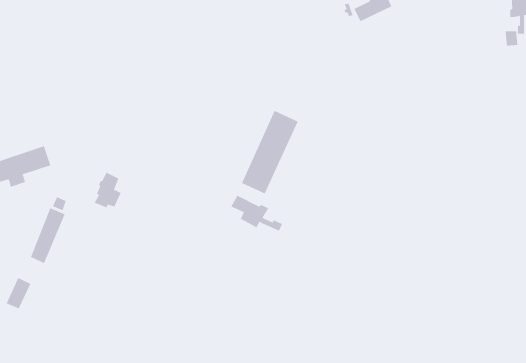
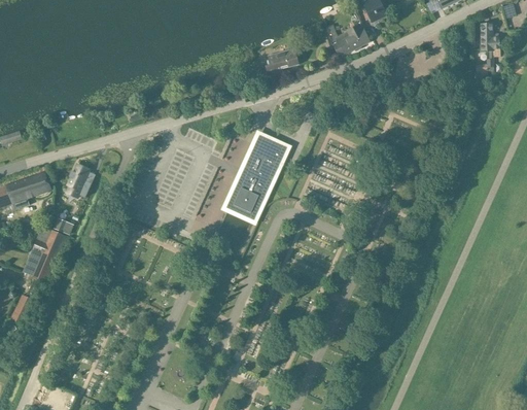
building: none -> [267,48,298,74]
building: [94,172,121,208] -> [66,163,92,197]
building: [230,195,283,232] -> none

